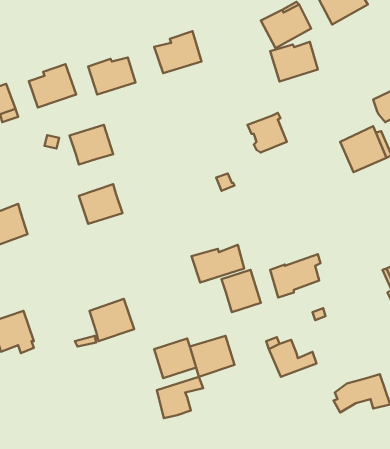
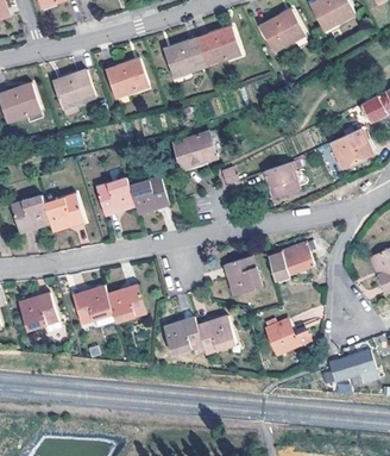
building: [270,42,318,81] -> [199,32,241,68]
building: [247,113,287,152] -> [264,161,300,196]
building: [70,125,113,165] -> [130,177,169,213]
building: none -> [172,133,215,170]
building: none -> [44,194,83,232]
building: [192,245,244,282] -> none
building: none -> [73,285,112,321]
building: [157,377,203,418] -> none

